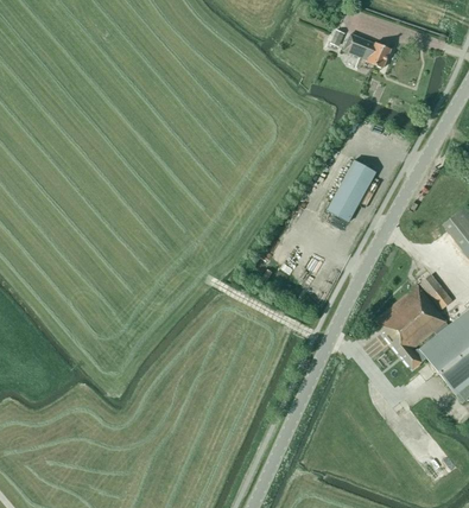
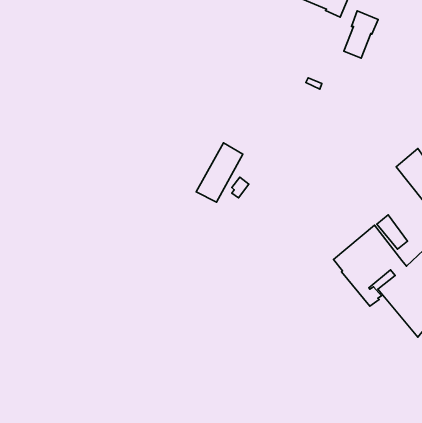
building: none -> [344,11,378,58]
building: [327,160,375,222] -> [196,143,243,202]

